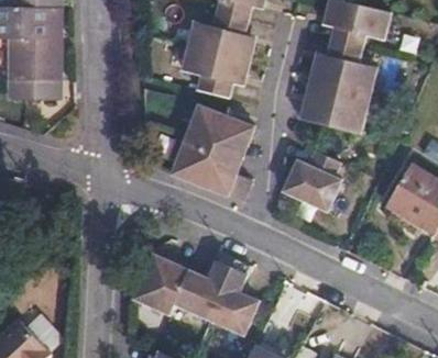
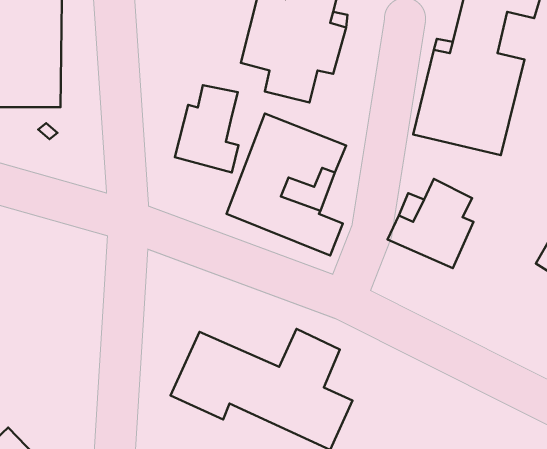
building: none -> [175,85,238,172]

